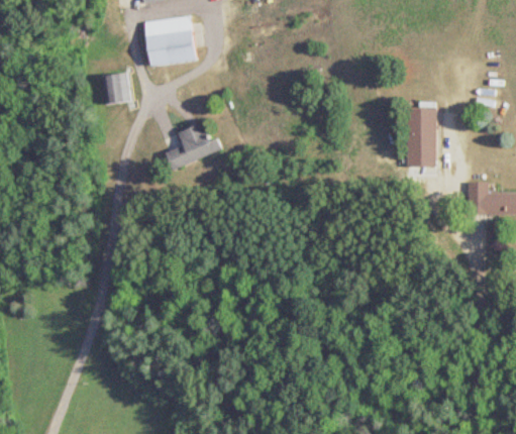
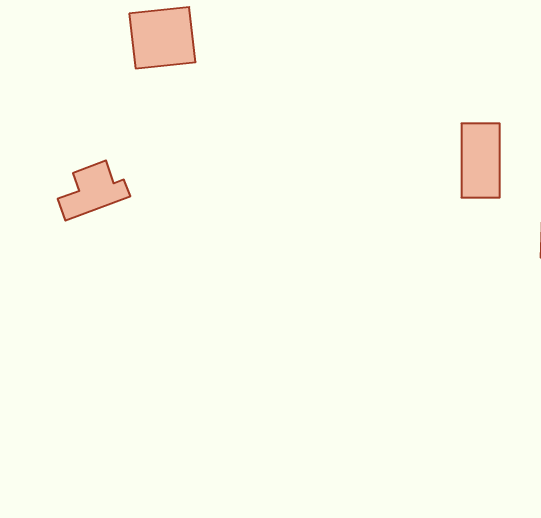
building: [103,73,131,105] -> none
building: [165,122,222,170] -> [58,160,130,221]

